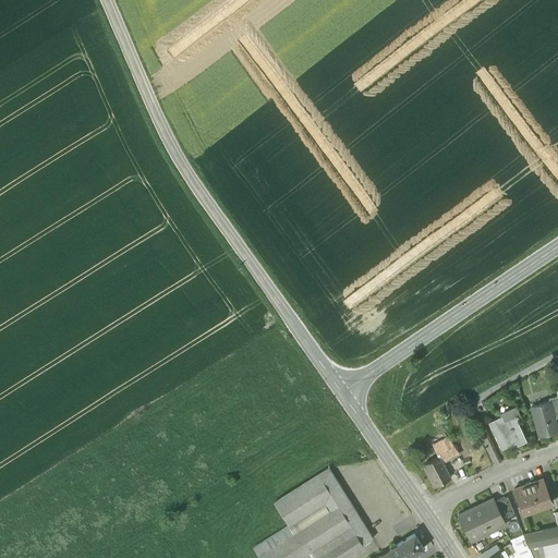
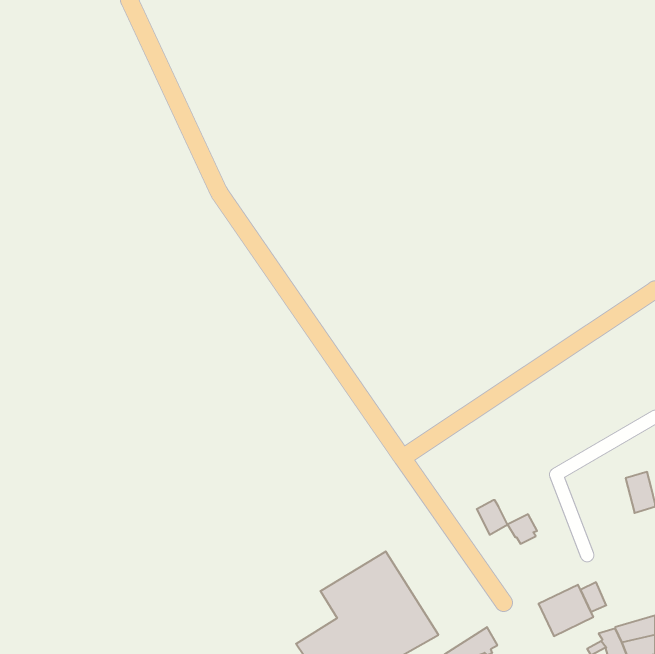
building: [488,416,526,450] -> none
building: [424,458,450,487] -> [477,500,508,535]
building: [513,480,550,511] -> none

